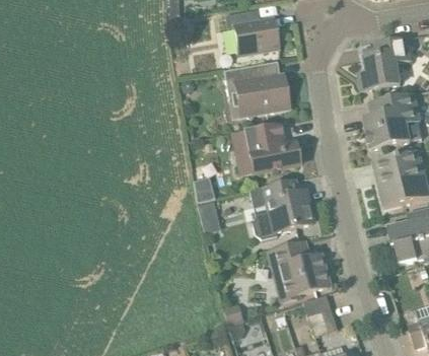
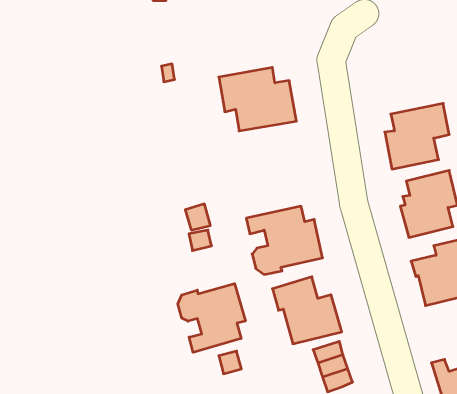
building: [219,10,280,54] -> none
building: [363,37,412,89] -> none
building: [234,123,299,175] -> none
building: none -> [178,284,245,352]

